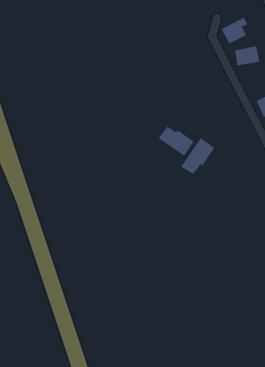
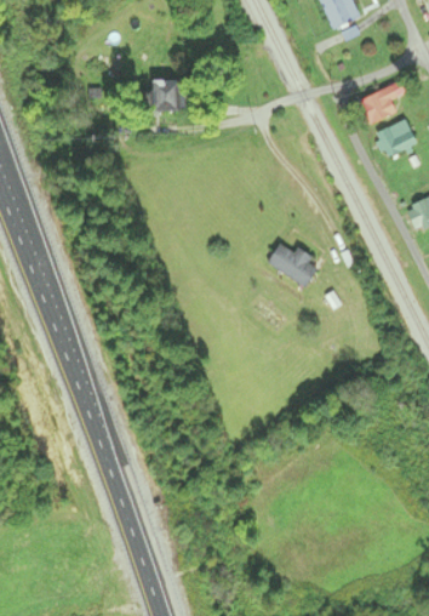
building: none -> [150,78,178,109]
building: [180,137,215,175] -> none

